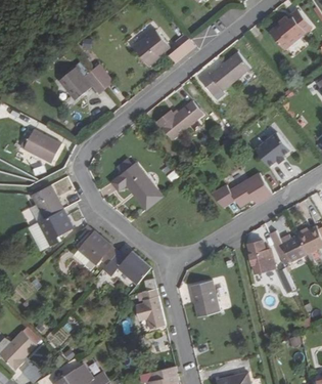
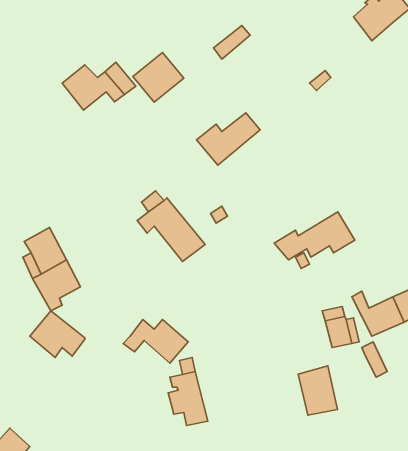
building: [133,29,170,65] -> [133,53,184,102]
building: [200,52,249,97] -> none
building: [24,117,61,162] -> none
building: [258,133,291,165] -> none
building: [78,230,118,264] -> [30,311,85,358]
building: [190,280,219,315] -> [298,366,338,415]

